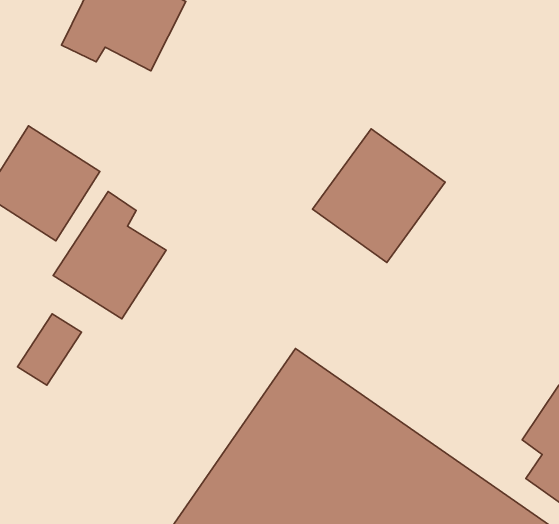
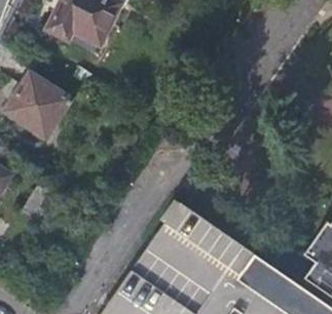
building: [313,129,445,262] -> none
building: [53,191,166,319] -> none

